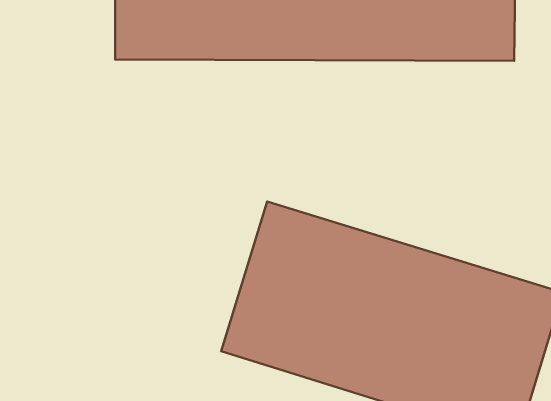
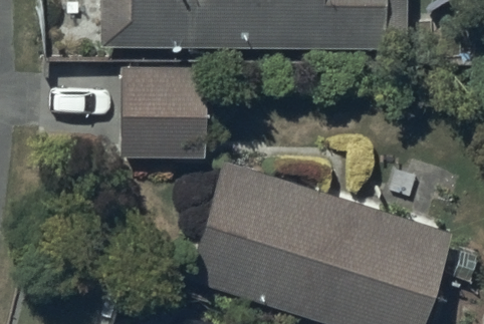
building: none -> [122,66,206,158]

